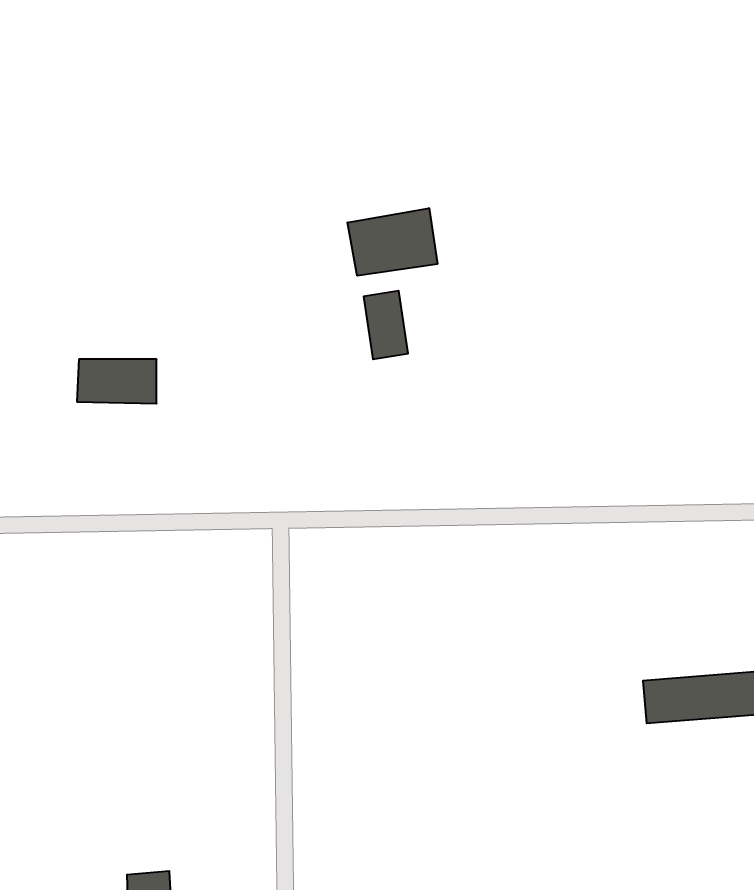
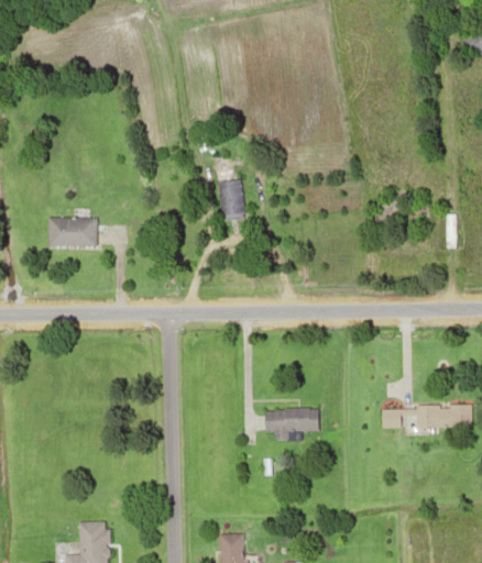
building: [347,208,437,276] -> none
building: none -> [265,411,318,438]

